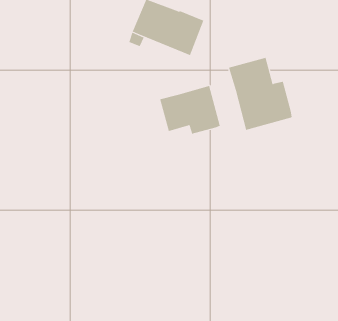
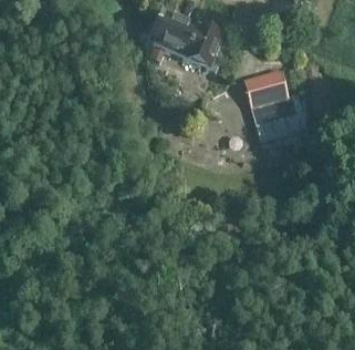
building: [159,85,220,135] -> none

